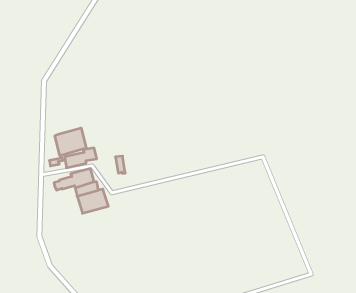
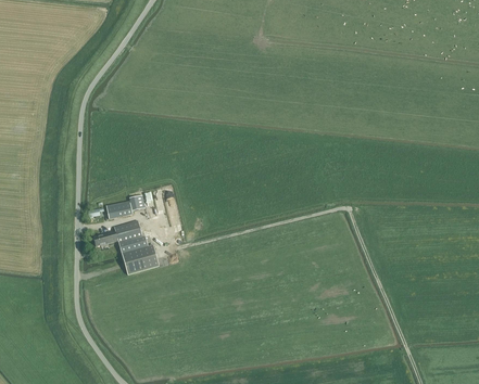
building: [55,128,86,156] -> none

